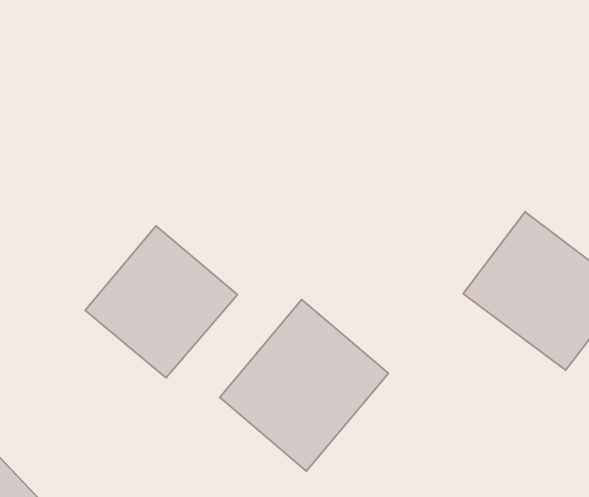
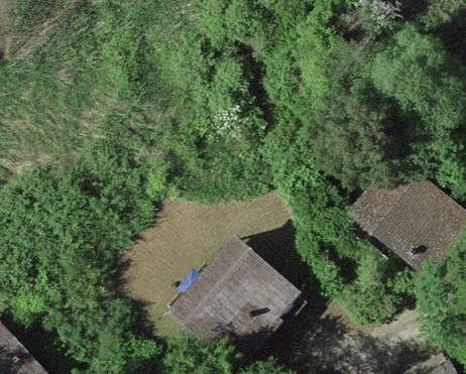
building: [85,226,237,378] -> none

